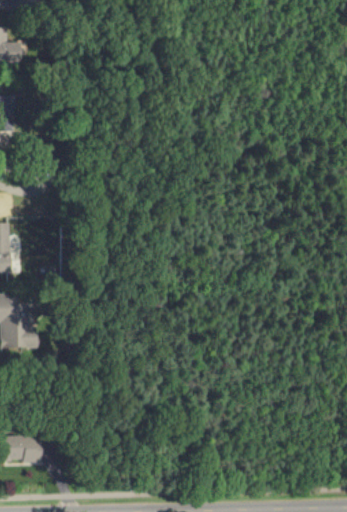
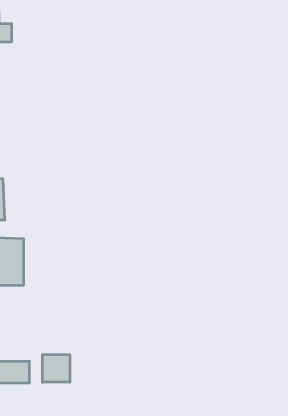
building: none -> [42,355,70,382]

